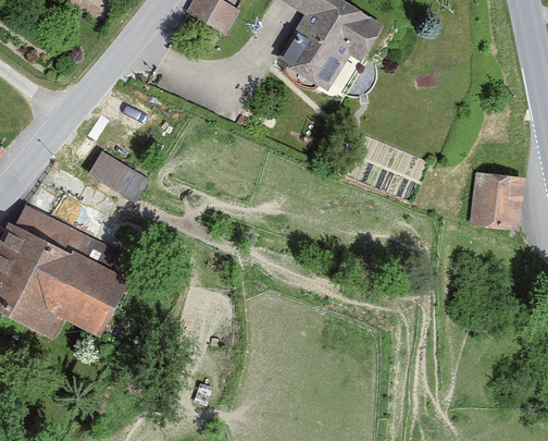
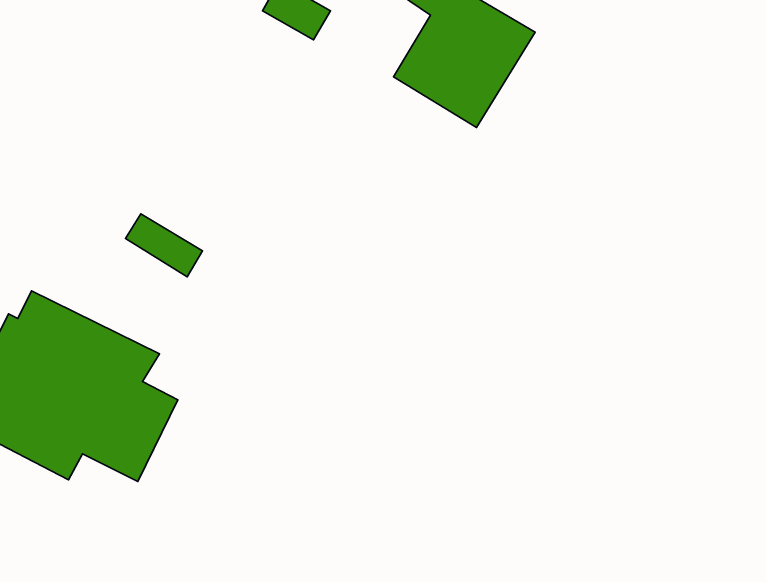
building: [473,172,521,224] -> none

